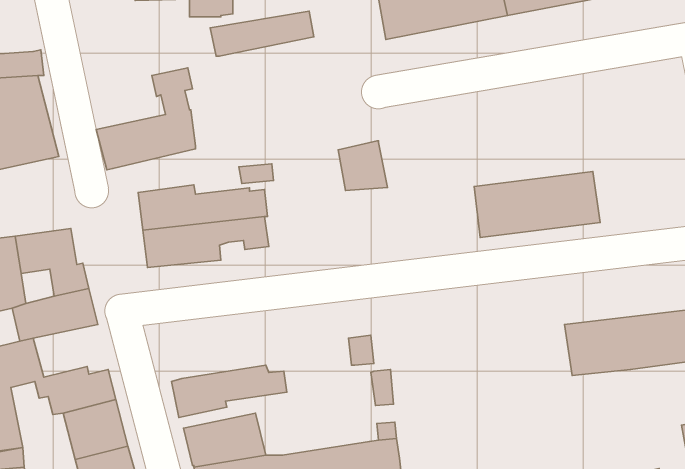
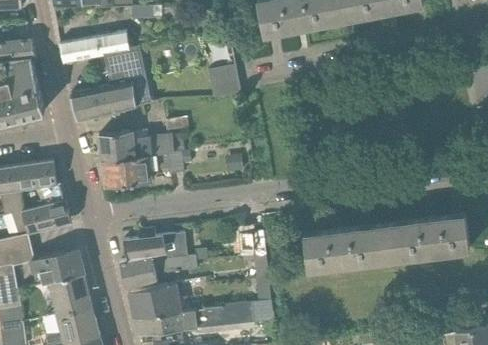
building: [210,11,314,56] -> [60,32,129,62]
building: [338,141,388,190] -> [208,64,241,97]
building: [474,172,600,238] -> [303,224,387,268]
building: none -> [123,230,187,260]

